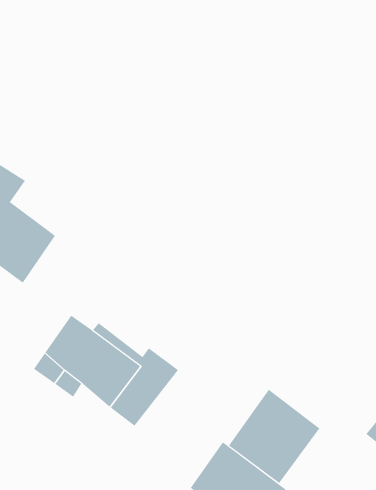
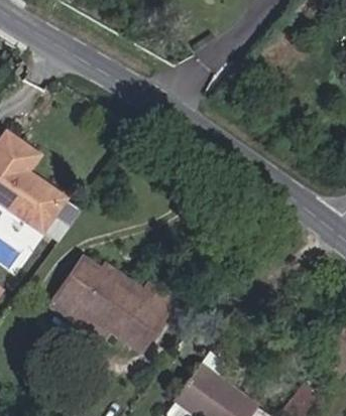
building: [228,389,320,484] -> none

